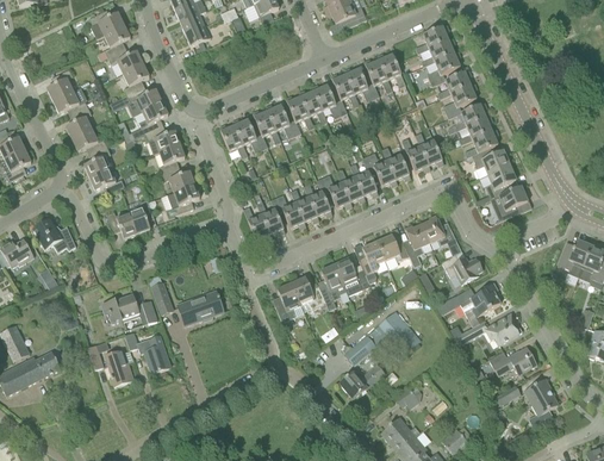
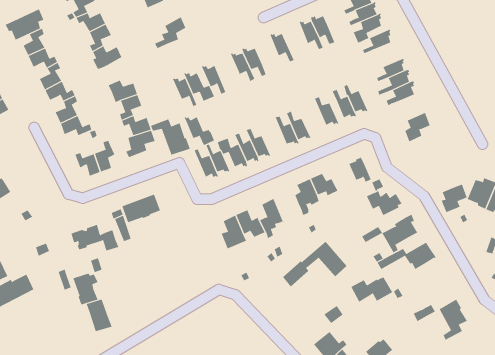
building: none -> [5,8,44,40]
building: [343,68,379,105] -> none
building: [442,82,475,118] -> none
building: [311,85,347,118] -> none
building: [130,101,167,138] -> [154,17,186,49]
building: [264,105,300,142] -> [184,117,215,149]
building: [362,149,397,186] -> none
building: [471,149,509,177] -> none
building: [316,170,351,207] -> none
building: none -> [150,118,190,155]
building: [496,186,527,219] -> [441,184,468,213]
building: [32,218,75,251] -> none
building: [405,224,429,267] -> none
building: [335,257,369,294] -> none
building: [178,291,223,324] -> [121,194,161,223]
building: [139,335,170,373] -> [86,299,113,332]
building: [487,347,536,376] -> [351,276,393,302]
building: [340,370,375,399] -> none

